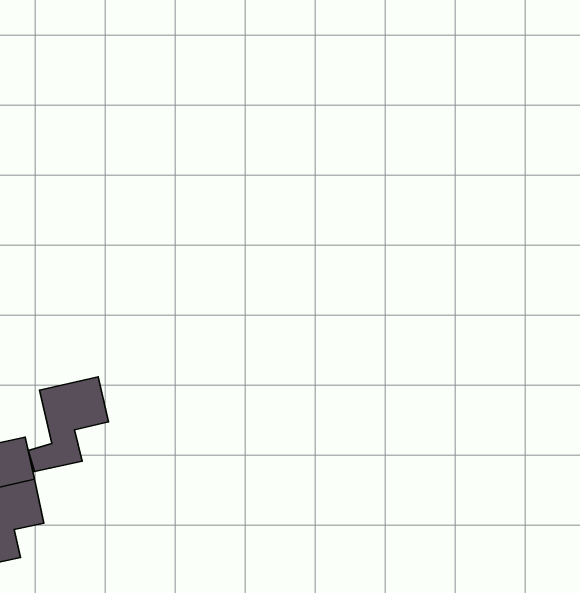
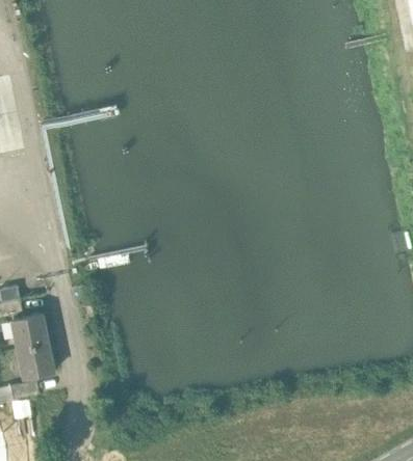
building: [28,377,108,471] -> none

